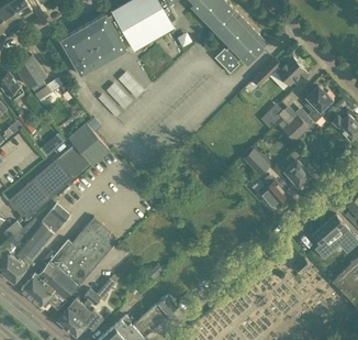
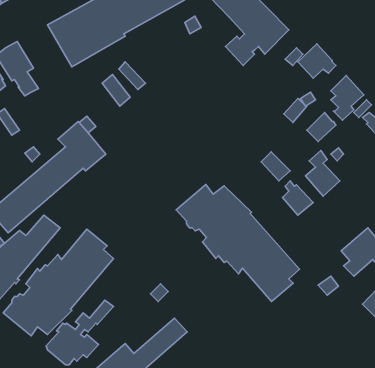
building: none -> [176,185,300,301]

